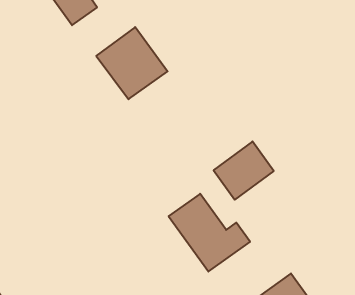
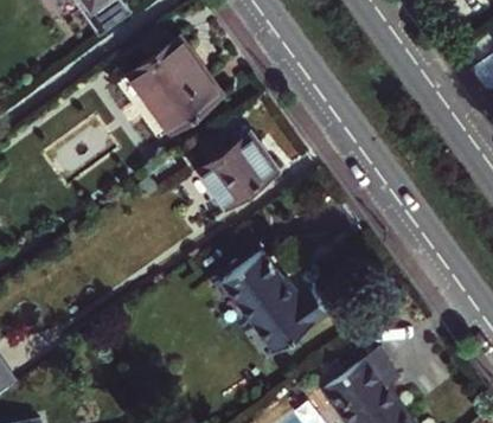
building: [214,141,274,200] -> [199,134,276,209]

